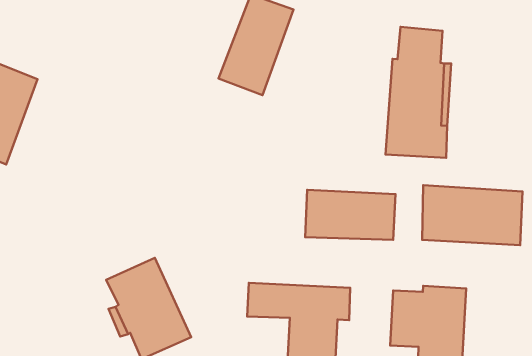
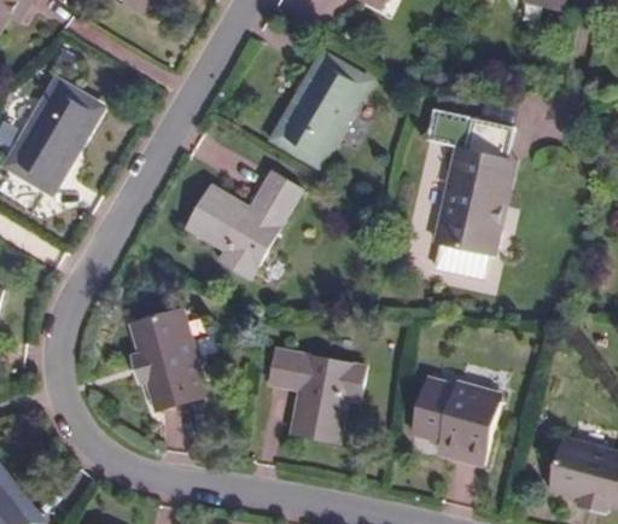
building: none -> [187,170,302,278]
building: [422,185,522,245] -> none
building: [305,190,395,240] -> none

